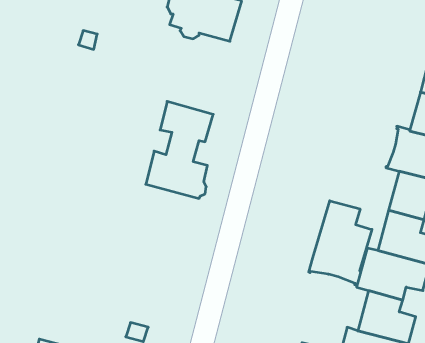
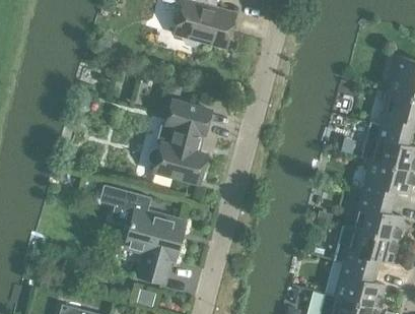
building: [309,201,372,286] -> none
building: none -> [101,185,186,284]

